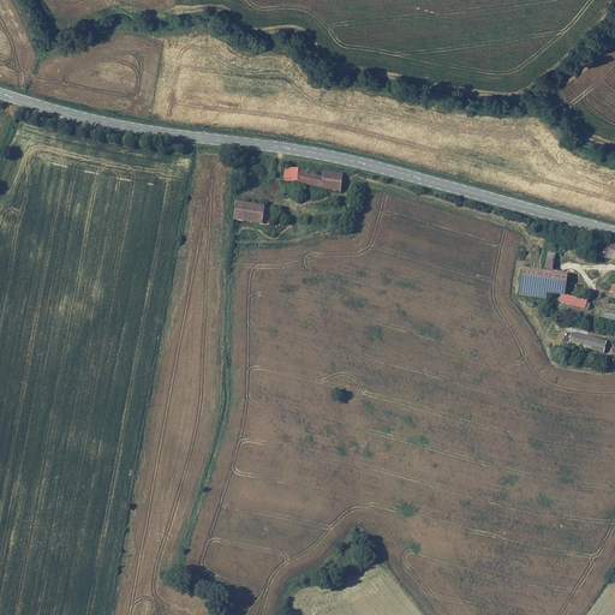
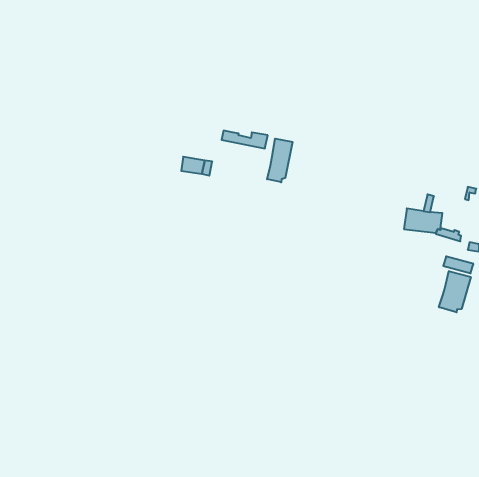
building: none -> [267,139,293,182]
building: none -> [439,271,471,312]

